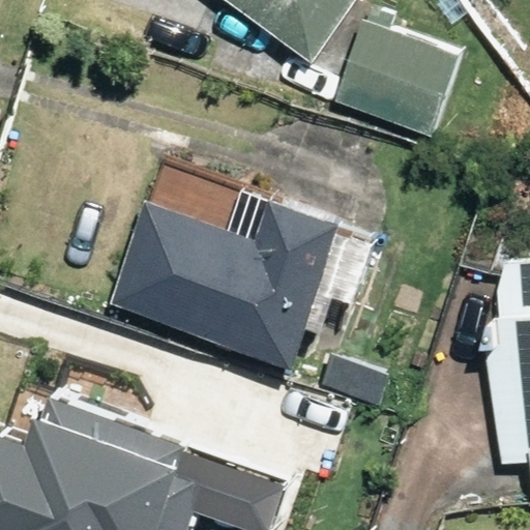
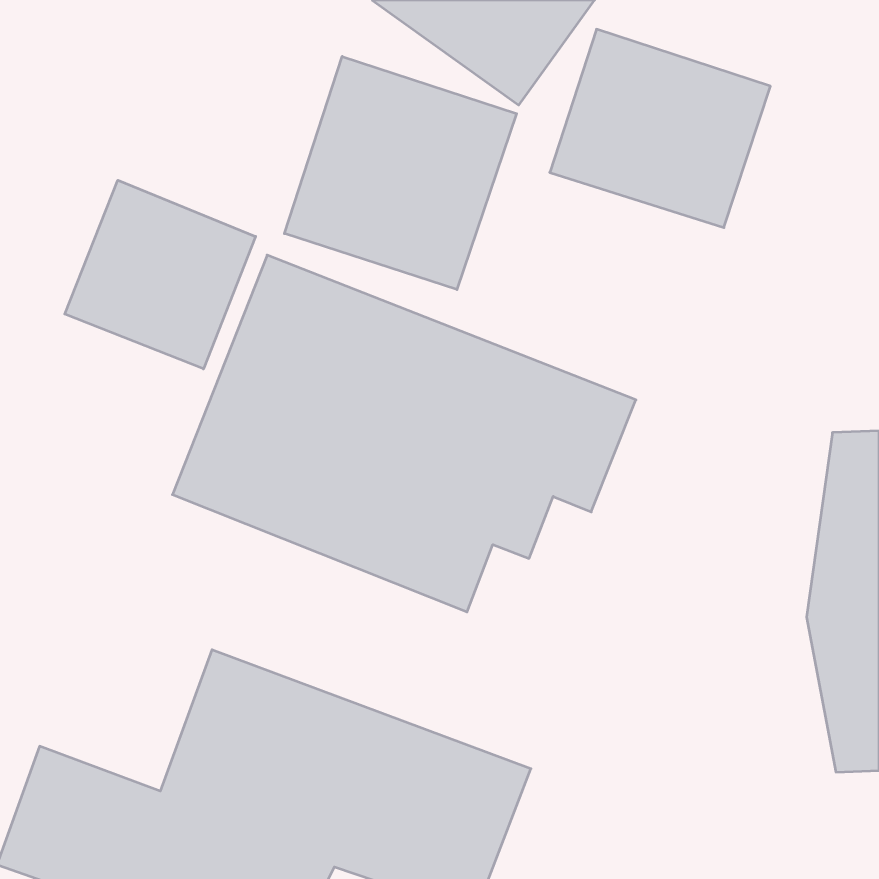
building: none -> [284,56,517,290]
building: none -> [65,180,256,369]

